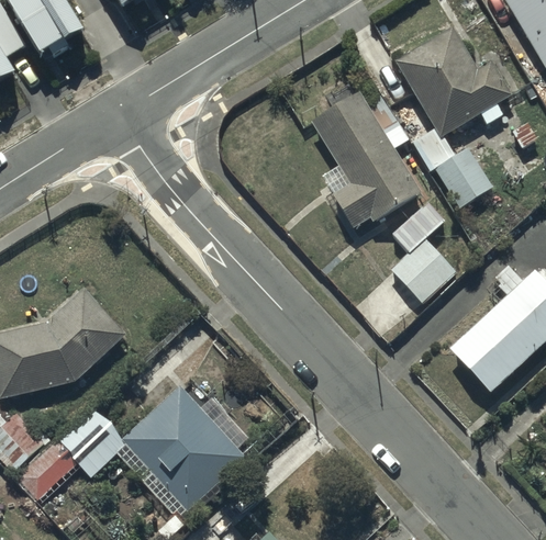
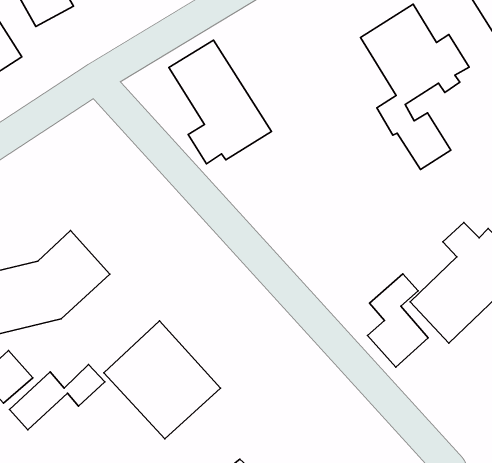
building: [309,94,420,228] -> [169,40,271,164]
building: [391,205,457,306] -> [367,274,428,367]

